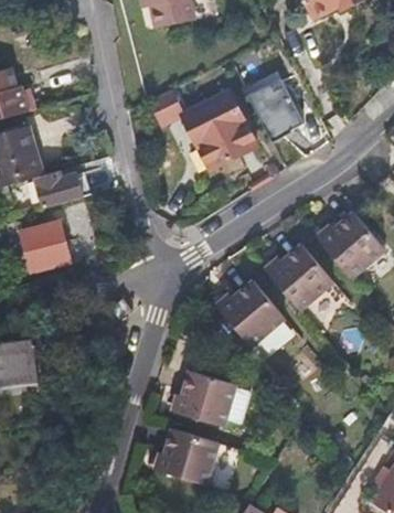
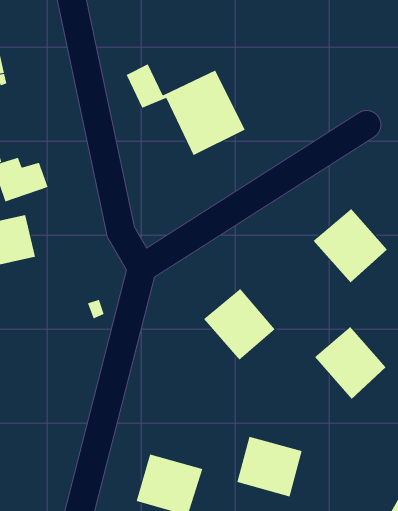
building: [243,74,299,138] -> none
building: [264,249,328,314] -> [314,326,387,400]
building: [175,374,234,428] -> [236,436,303,497]

